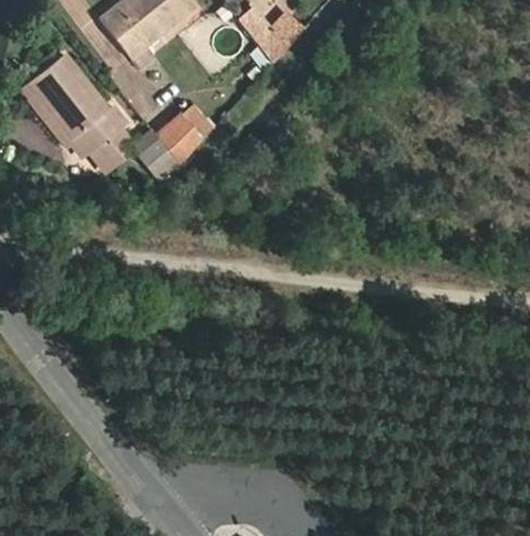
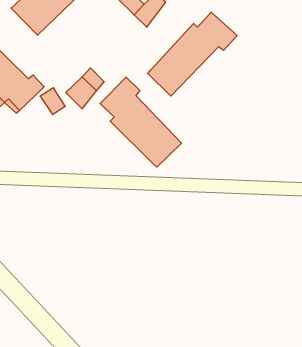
building: none -> [148,12,237,96]
building: none -> [100,77,181,167]

